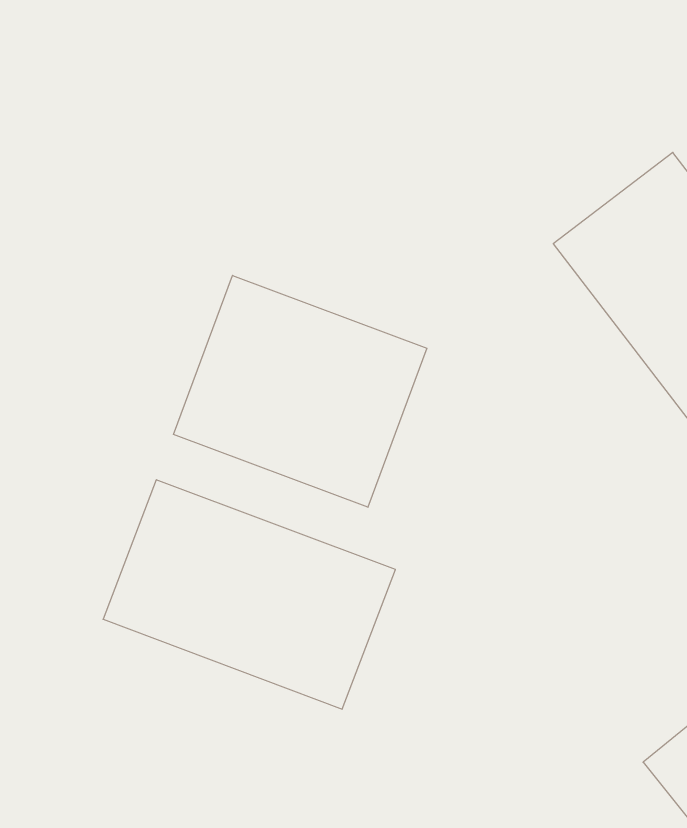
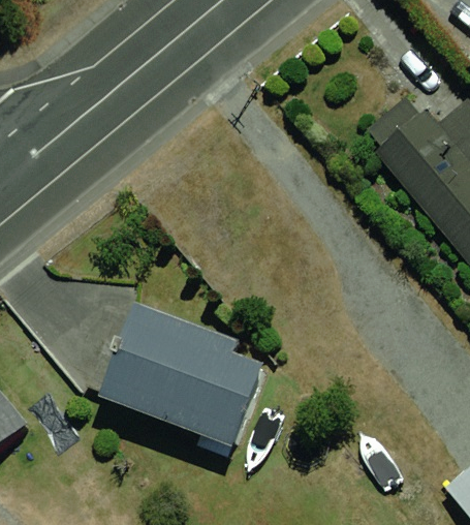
building: [174,275,427,507] -> none

